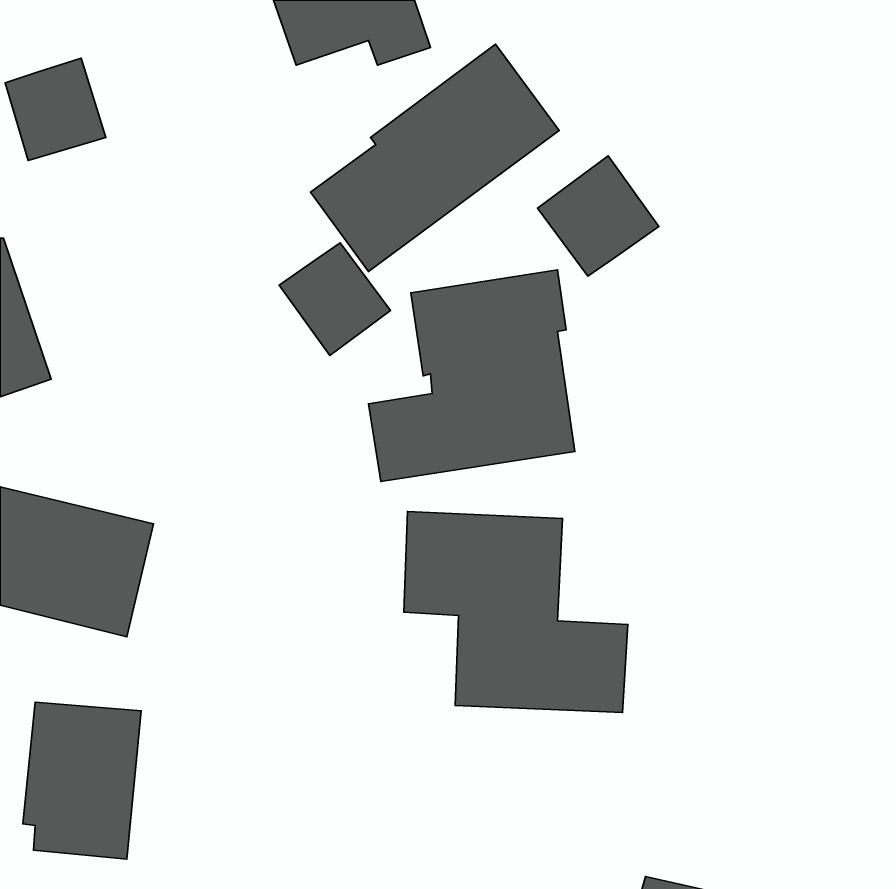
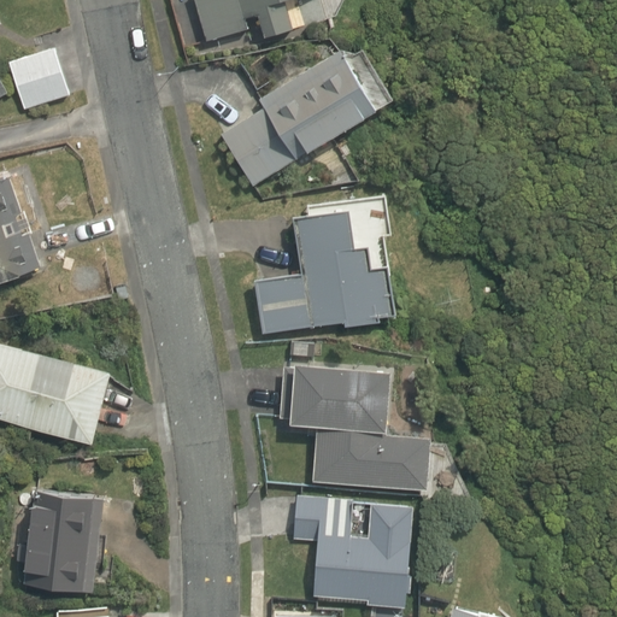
building: [538,156,659,276] -> none
building: [279,243,390,355] -> none
building: none -> [295,496,416,611]

